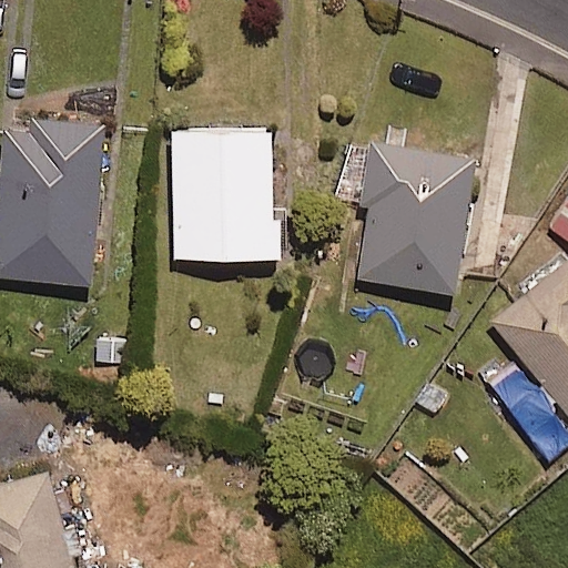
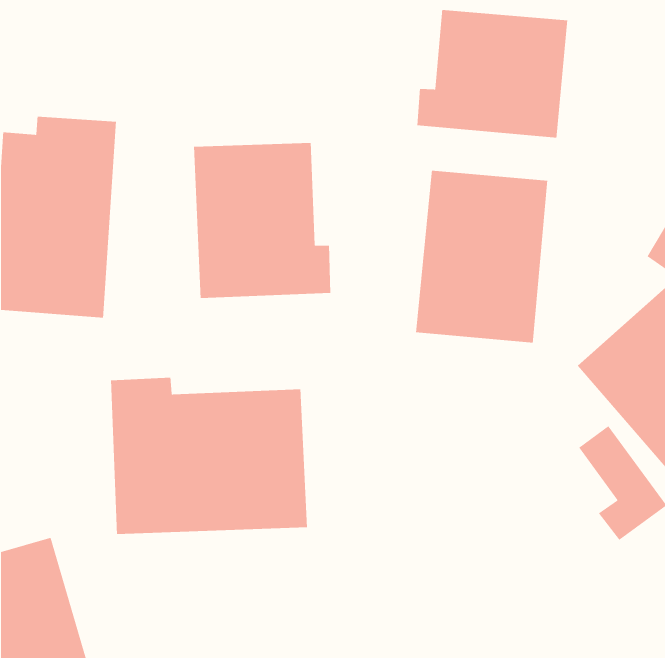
building: none -> [416,9,568,138]
building: none -> [110,377,308,535]

